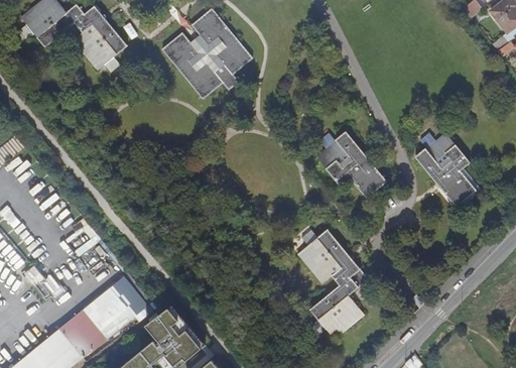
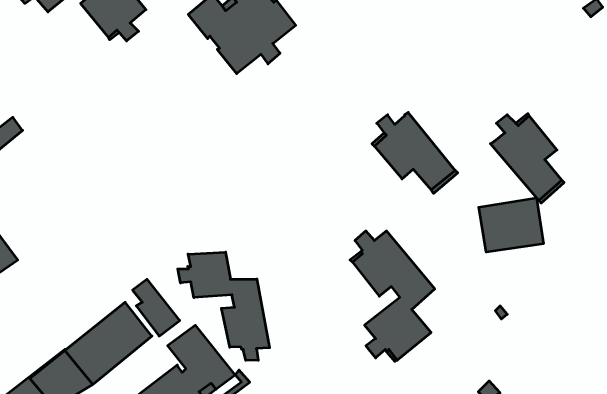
building: none -> [479,198,543,252]
building: none -> [178,252,270,360]

